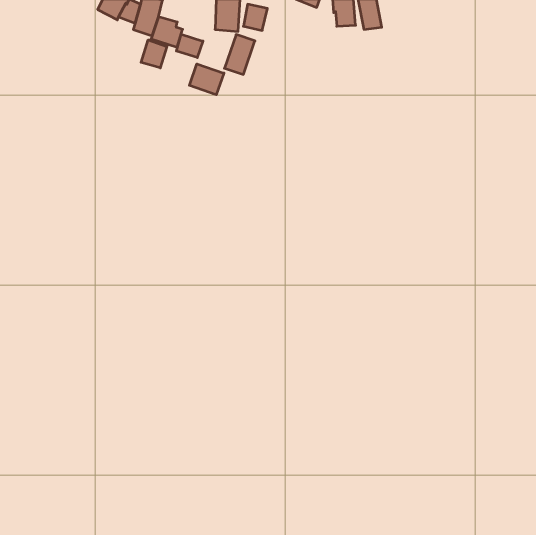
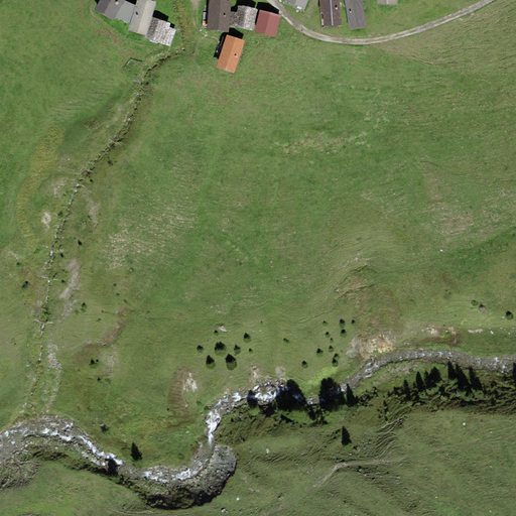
building: none -> [254,8,281,35]
building: [176,34,203,58] -> none
building: [141,40,167,68] -> none
building: [189,64,224,95] -> none

